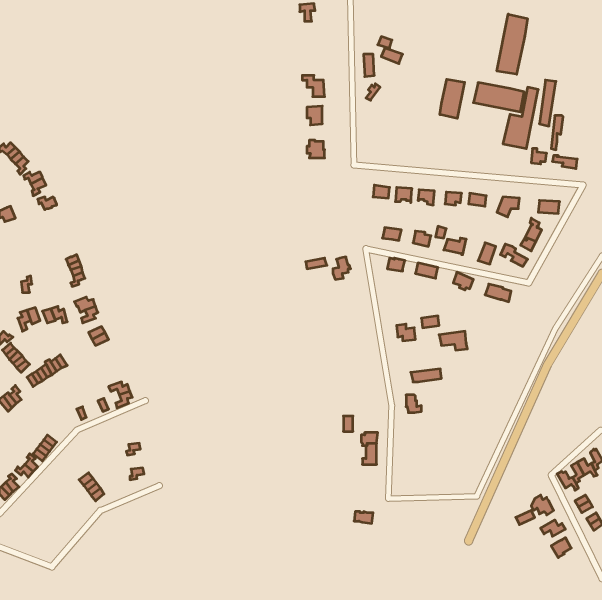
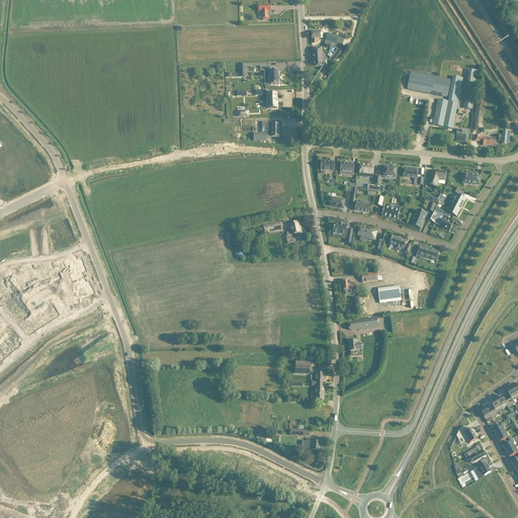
building: [497,14,527,74] -> none
building: [440,79,465,118] -> none

